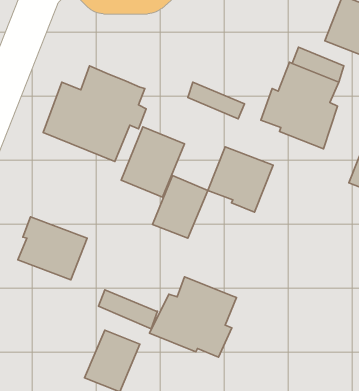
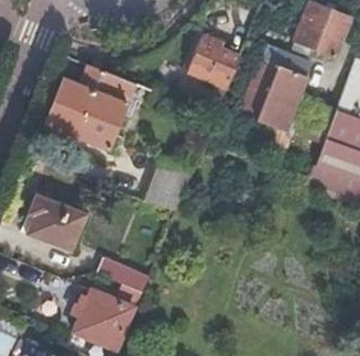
building: none -> [188,35,242,87]
building: [121,127,184,197] -> none
building: [208,147,273,212] -> none
building: [150,277,237,357] -> none

